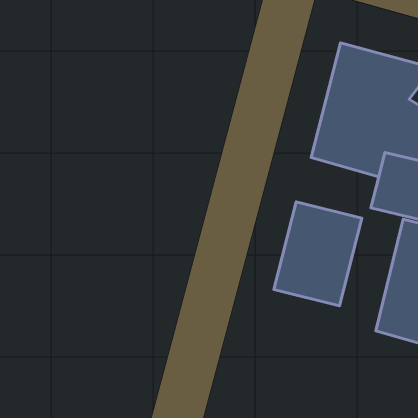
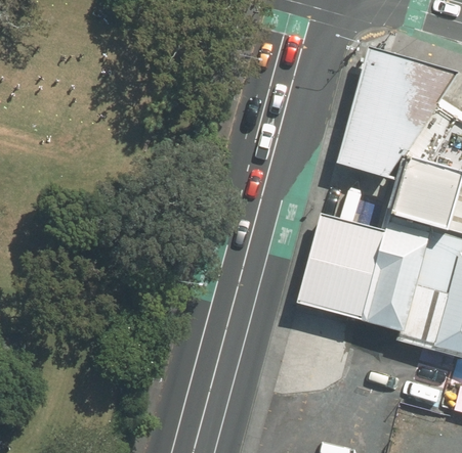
building: none -> [362,226,428,341]

